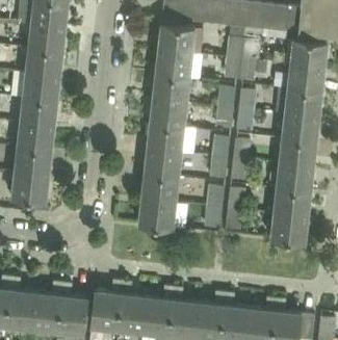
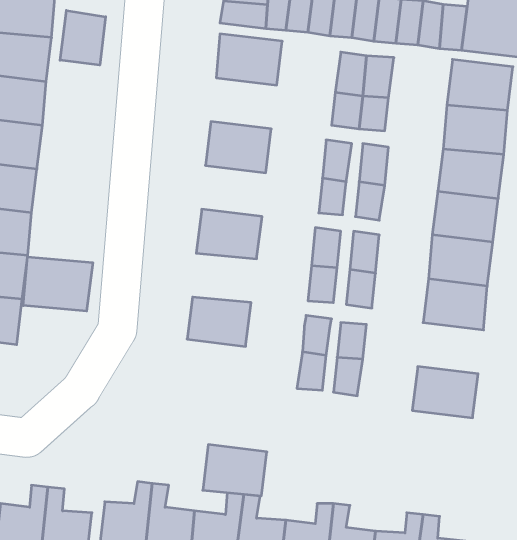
building: none -> [60,10,106,65]
building: [155,52,192,81] -> none
building: [150,102,186,131] -> none
building: [145,152,181,180] -> none
building: none -> [23,257,93,311]
building: [272,191,310,220] -> none
building: [138,201,175,230] -> [203,445,267,496]

